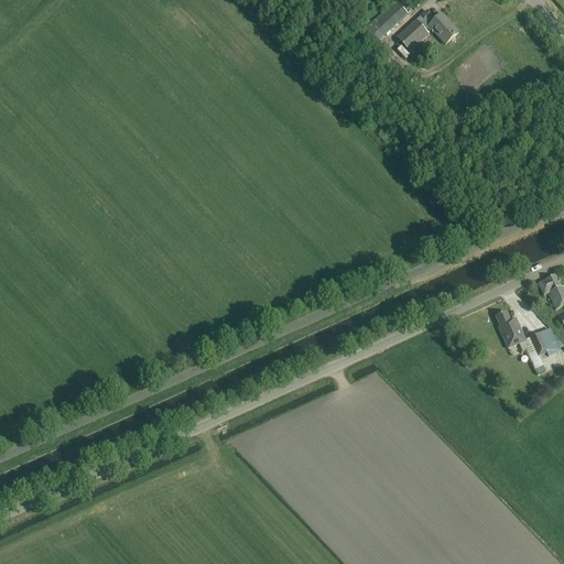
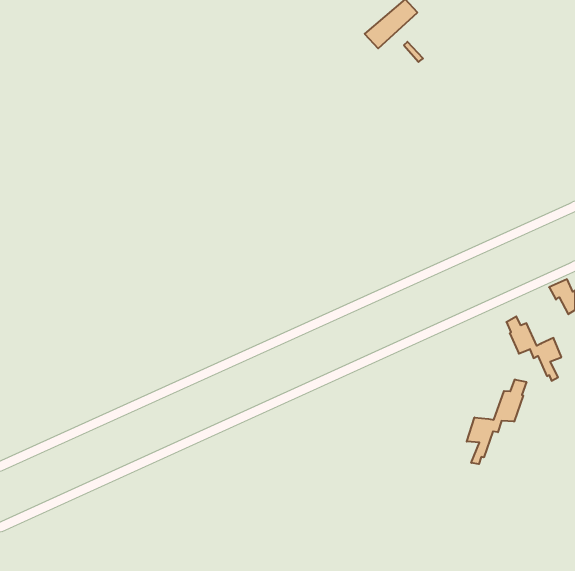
building: [398,9,458,50] -> none
building: none -> [467,379,526,464]

